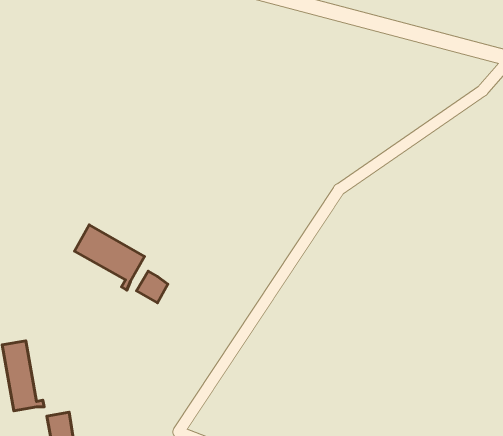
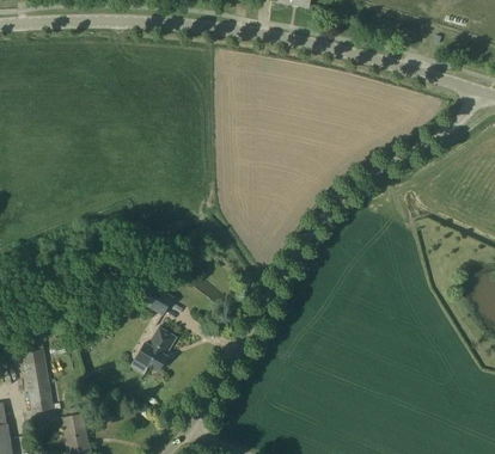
building: [74,225,144,290] -> none
building: none -> [133,325,176,370]

